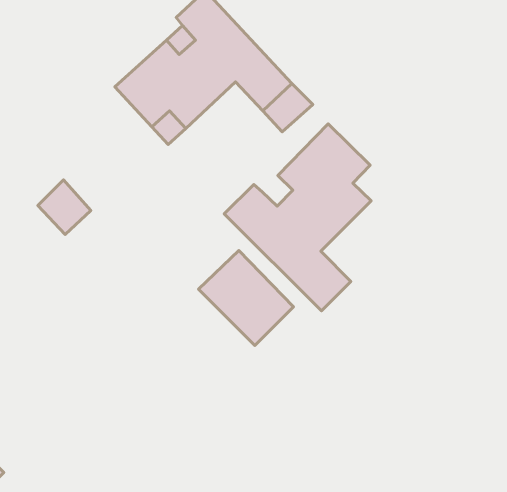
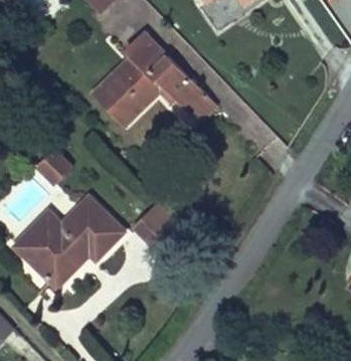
building: [224,124,371,311] -> none
building: none -> [29,198,125,287]

